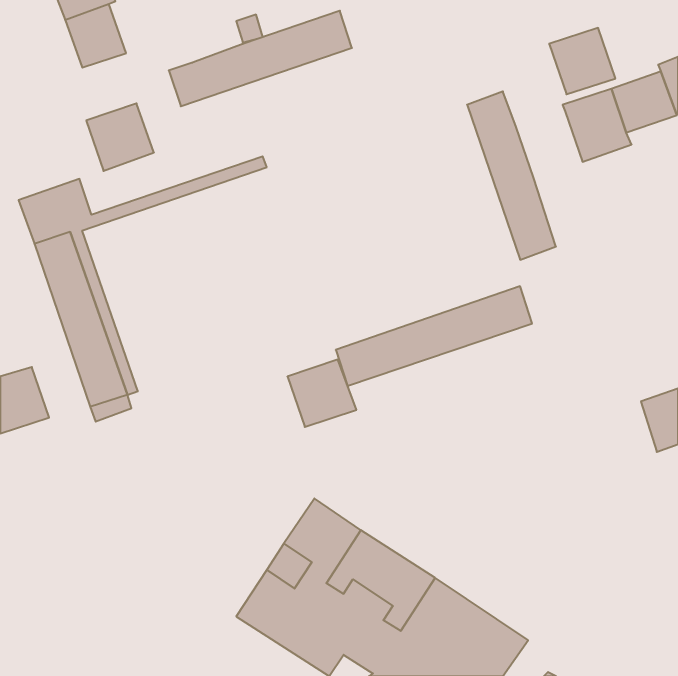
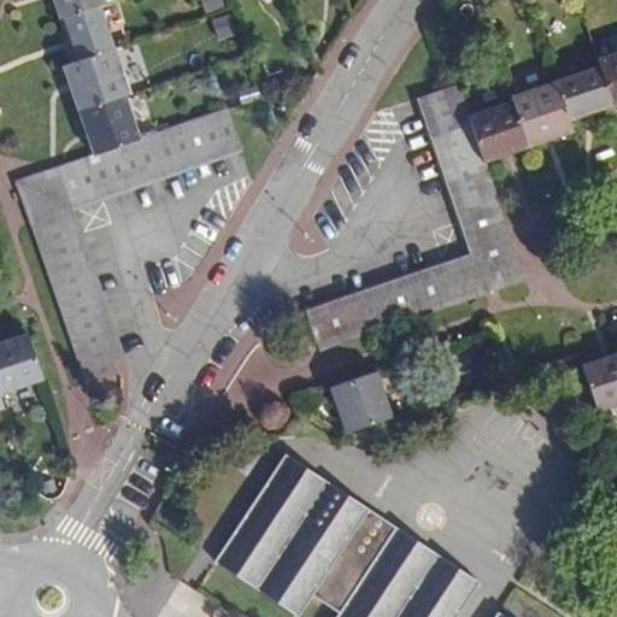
building: [169,11,352,106] -> [72,108,239,195]
building: [549,28,615,94] -> [469,101,529,161]
building: none -> [63,48,129,110]
building: none -> [301,95,524,318]
building: [287,359,356,427] -> [330,371,393,433]

